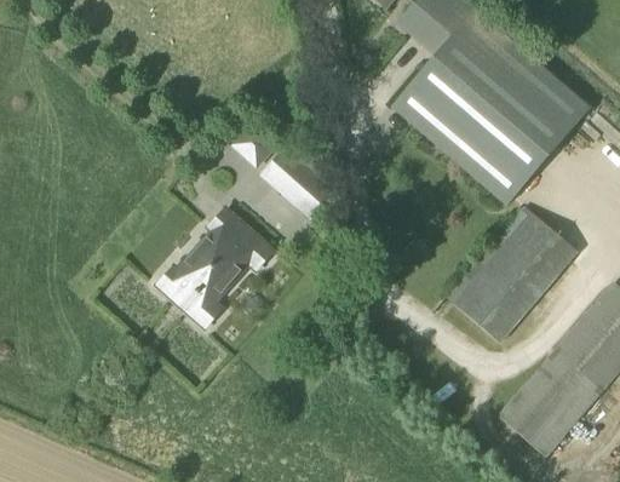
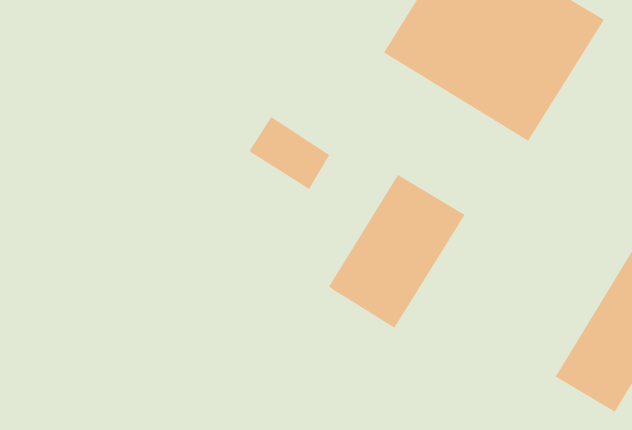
building: [449,206,580,342] -> [328,174,465,329]
building: [156,207,272,326] -> none

